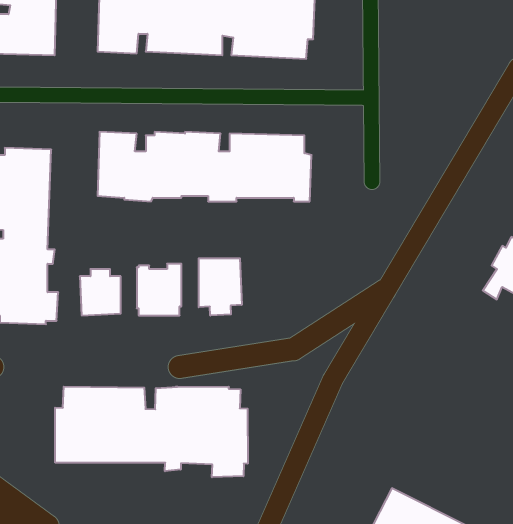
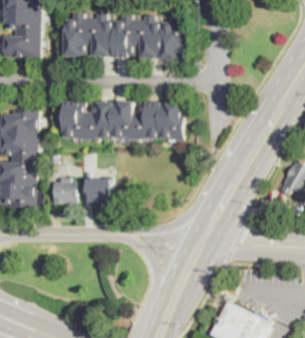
building: [199,258,242,316] -> none
building: [55,387,248,477] -> none

